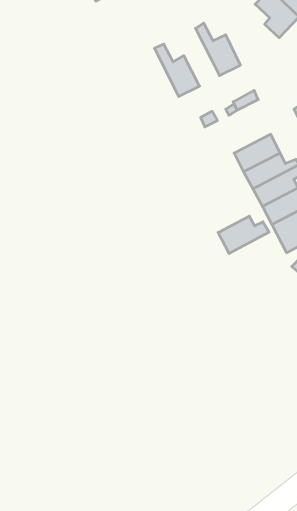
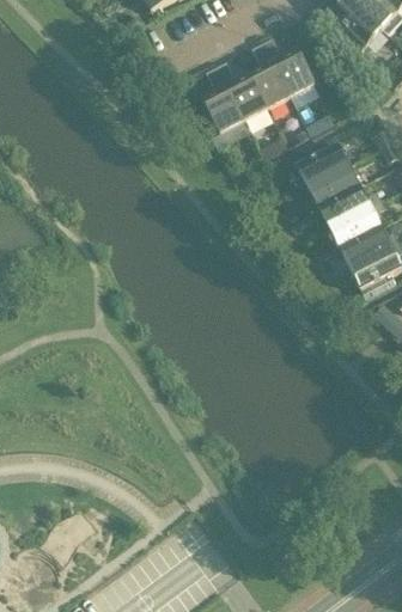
building: none -> [249,42,290,108]
building: none -> [201,65,243,131]
building: none -> [296,141,348,184]
building: [218,216,269,254] -> none

